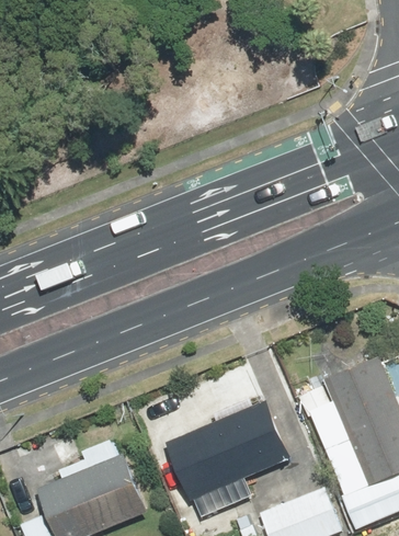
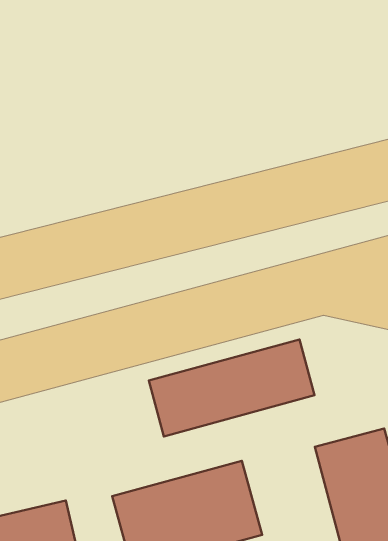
building: none -> [149,339,315,437]

